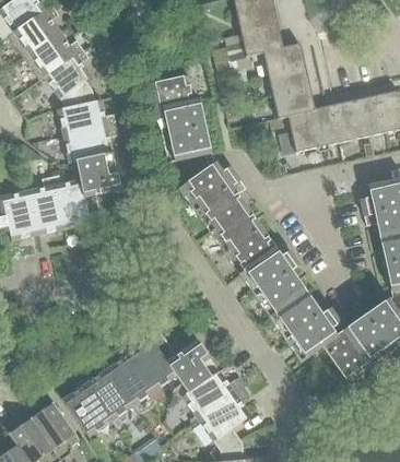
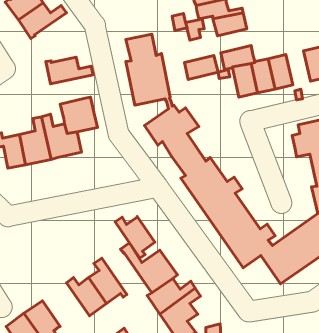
building: [44,47,95,108] -> none
building: [269,67,310,96] -> [185,55,218,79]
building: [353,94,384,135] -> none
building: [63,123,118,162] -> none
building: [127,342,176,393] -> [115,216,155,258]
building: [67,379,111,435] -> none

